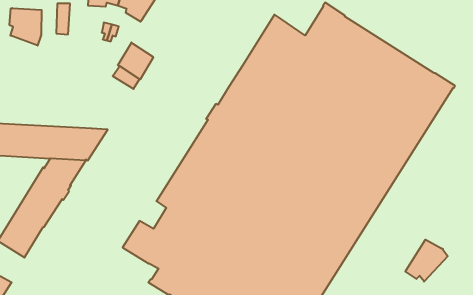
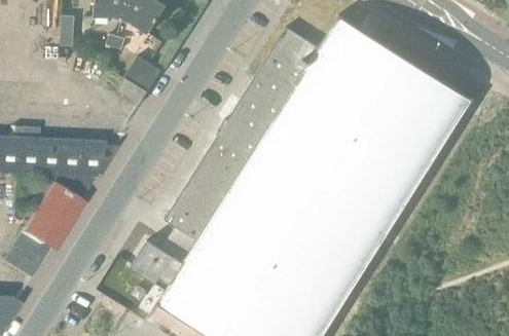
building: [10,8,42,46] -> none
building: [405,240,448,282] -> none

